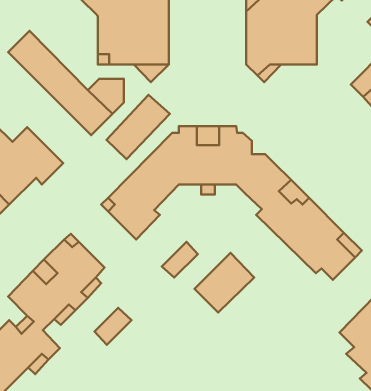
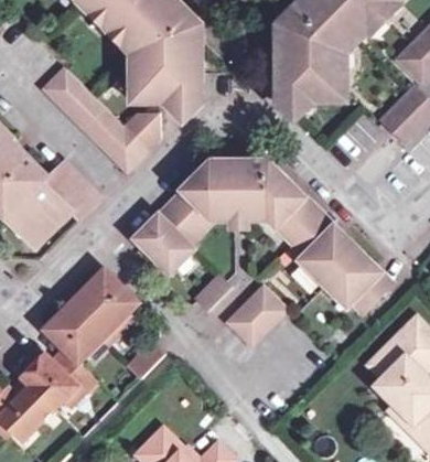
building: [106,95,170,159] -> none

